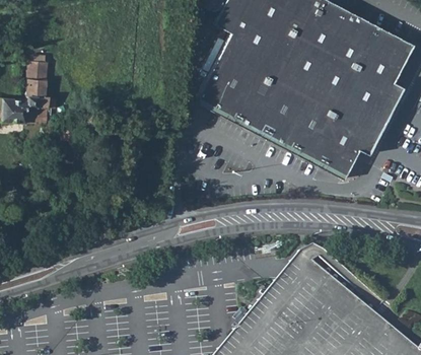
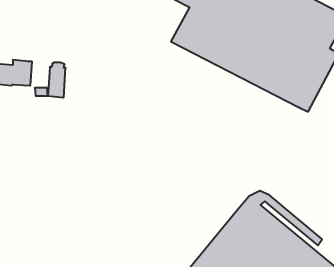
building: [28,55,49,95] -> [48,62,66,98]
building: [196,72,359,179] -> none

